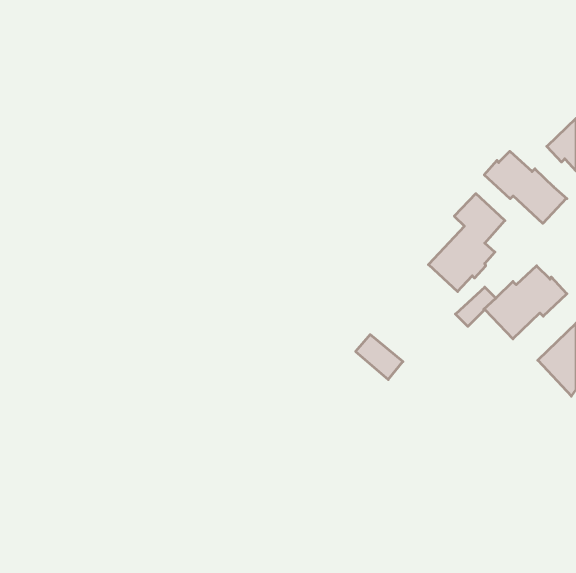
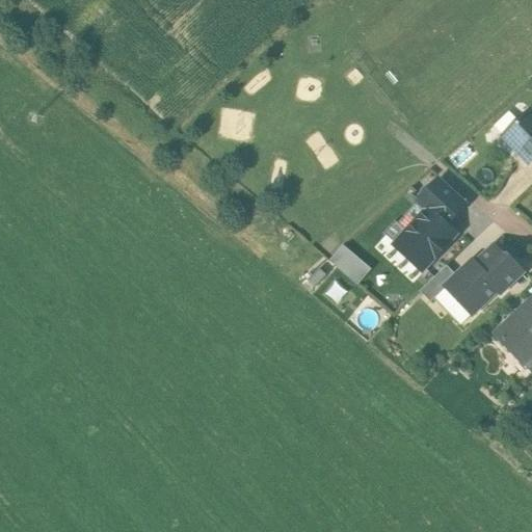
building: [484,151,567,223] -> none
building: [356,335,403,380] -> [324,242,368,284]

